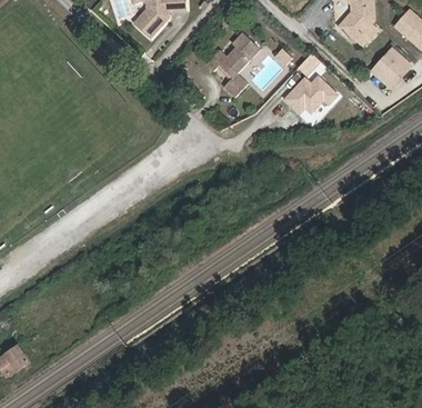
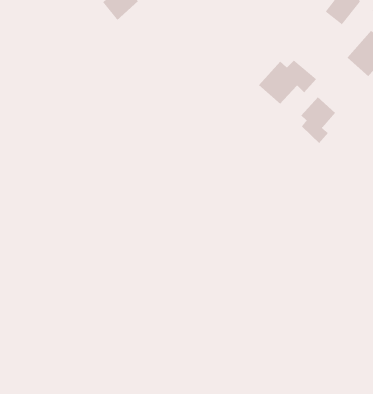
building: [205,34,261,97] -> none
building: none -> [301,96,336,144]

